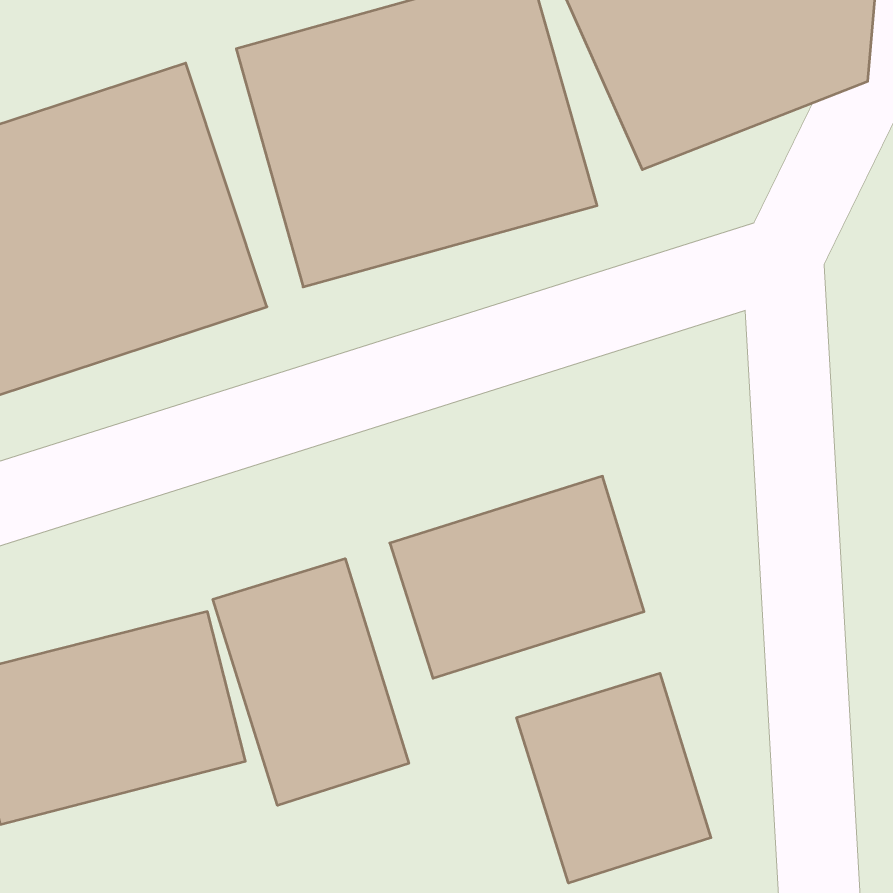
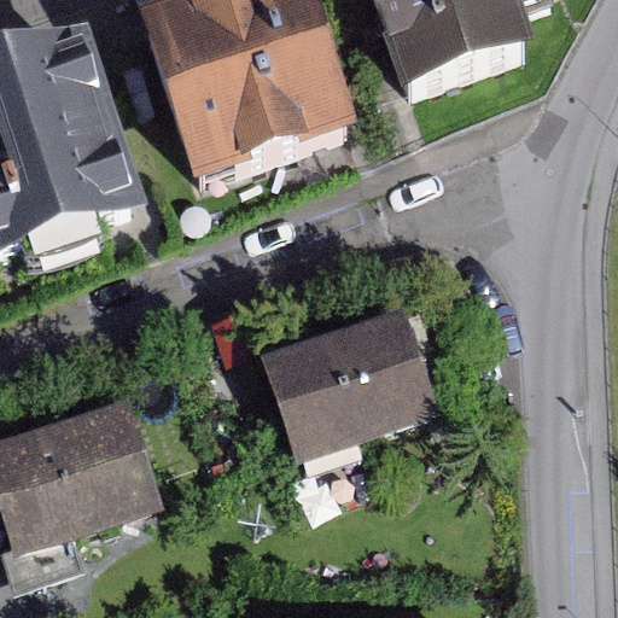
building: [213,559,409,805] -> none
building: [517,673,711,883] -> none

